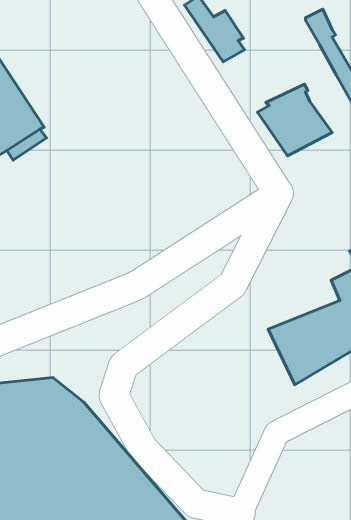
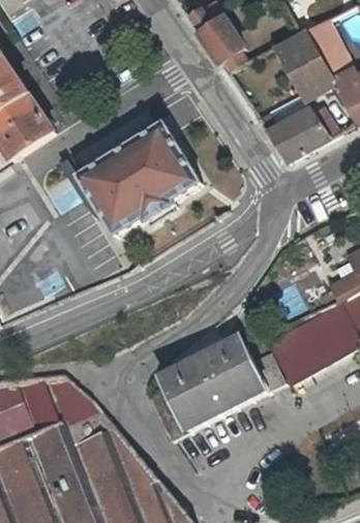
building: none -> [275,30,336,98]
building: none -> [79,125,202,238]
building: none -> [151,335,292,440]

